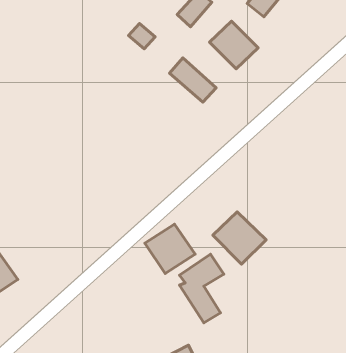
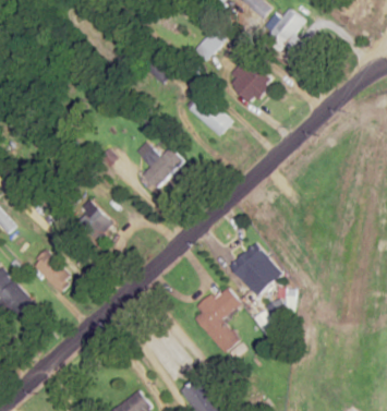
building: none -> [135,142,185,193]
building: none -> [71,201,111,241]
building: none -> [31,251,72,293]
building: [145,224,195,274] -> none

